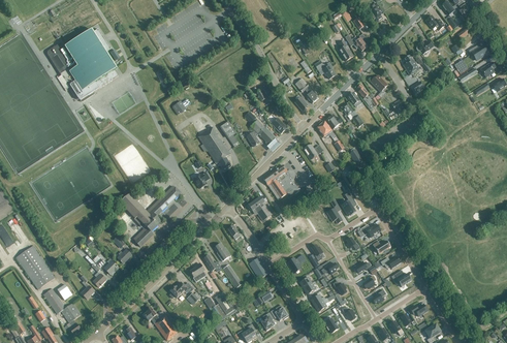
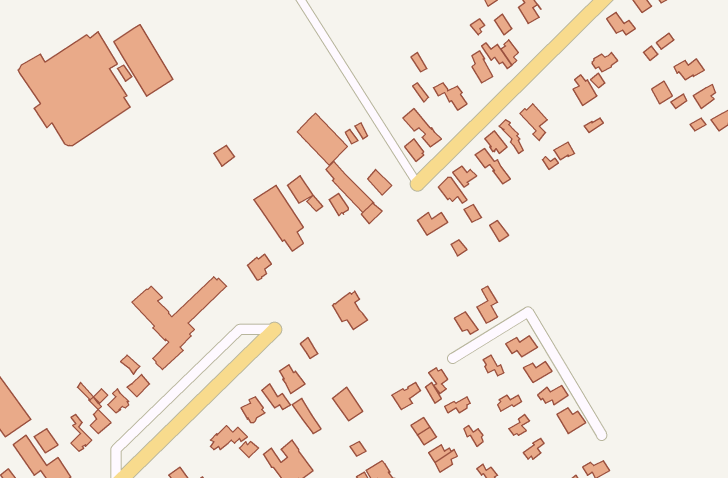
building: none -> [114,25,173,96]
building: none -> [297,113,347,165]
building: [263,164,299,199] -> none

